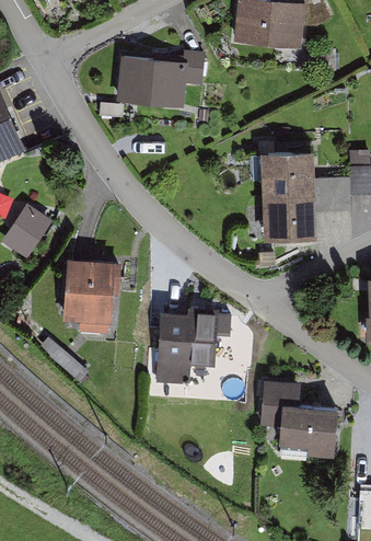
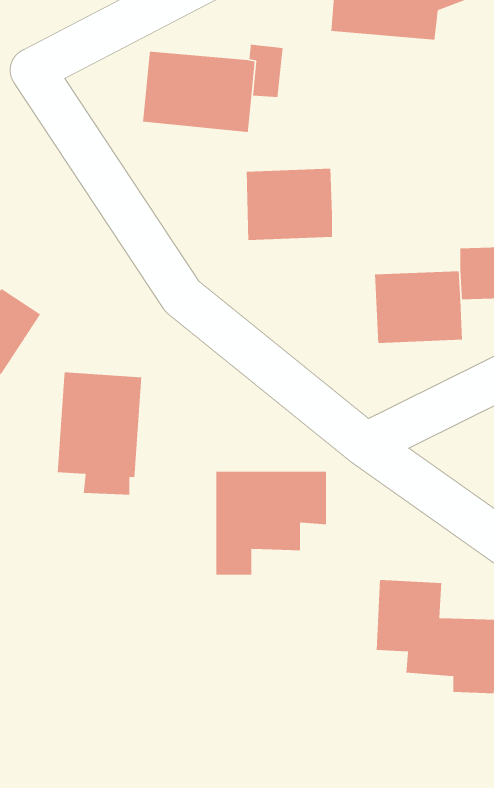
building: [259,149,314,195] -> [246,168,333,241]

